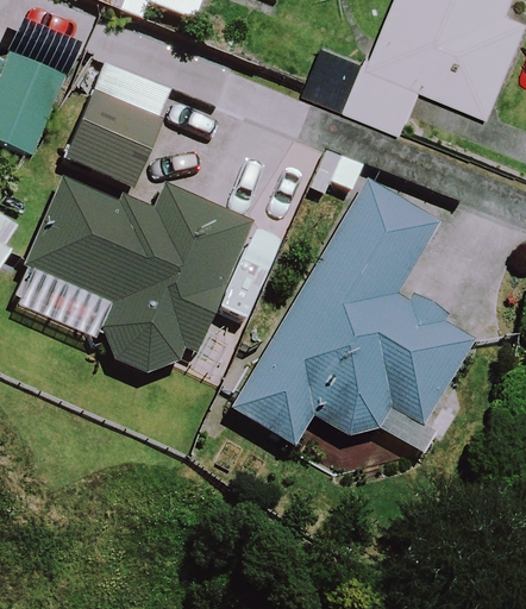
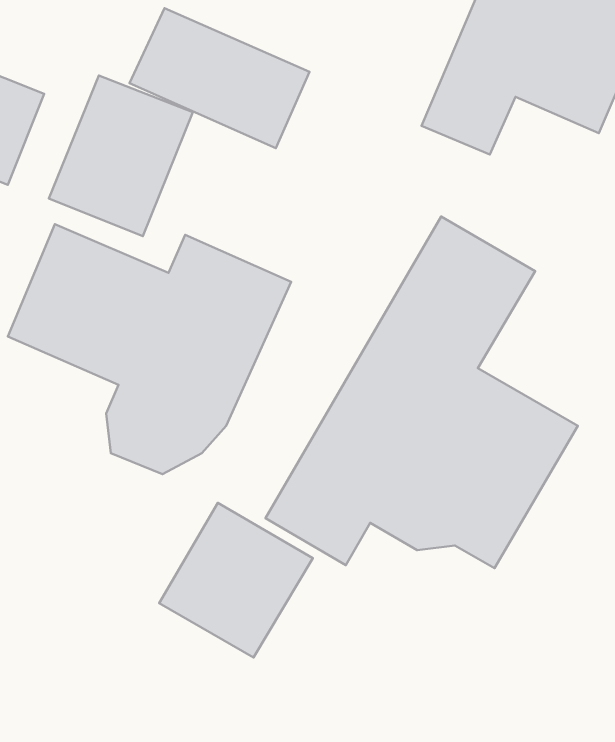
building: none -> [130,8,310,148]
building: none -> [159,503,313,658]

